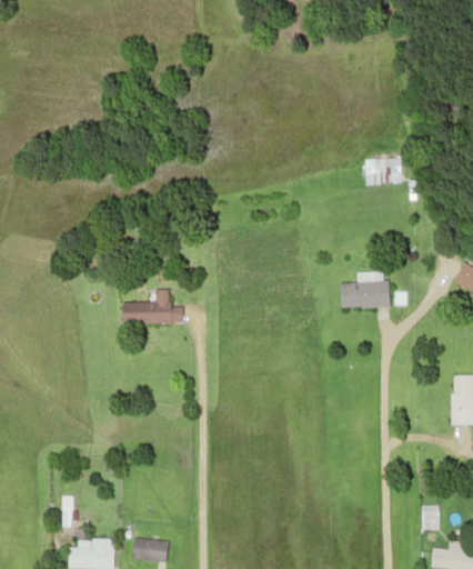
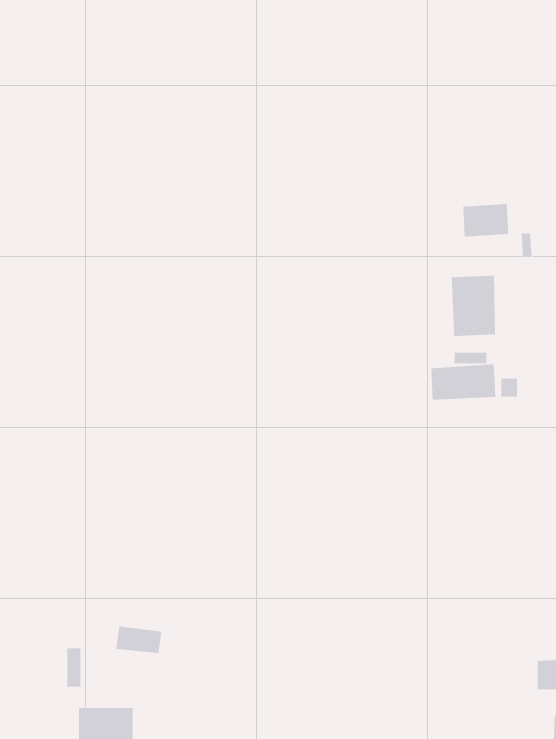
building: none -> [451,275,495,337]
building: [122,301,181,322] -> none
building: [132,538,168,559] -> [115,626,162,653]

